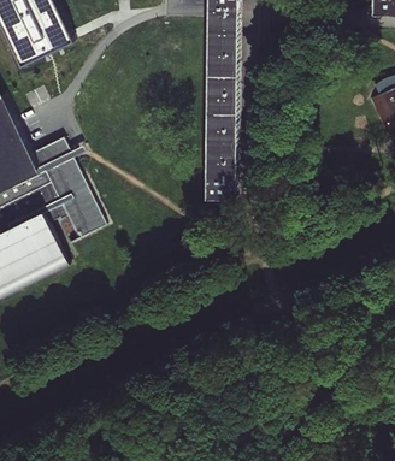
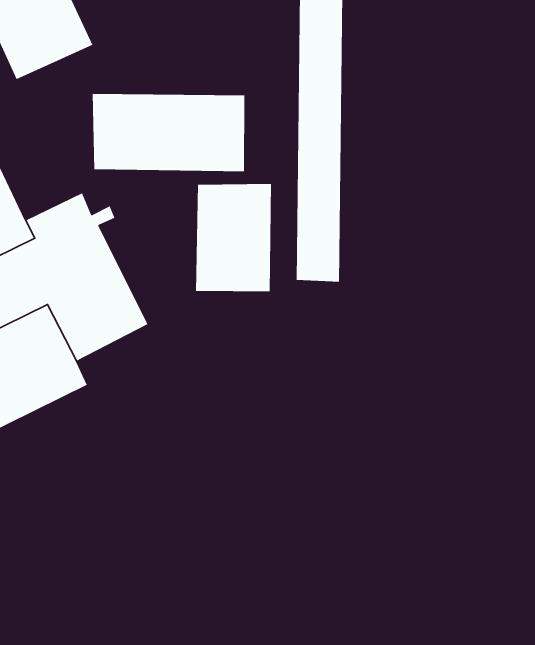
building: none -> [92,93,245,172]
building: none -> [195,183,272,292]

